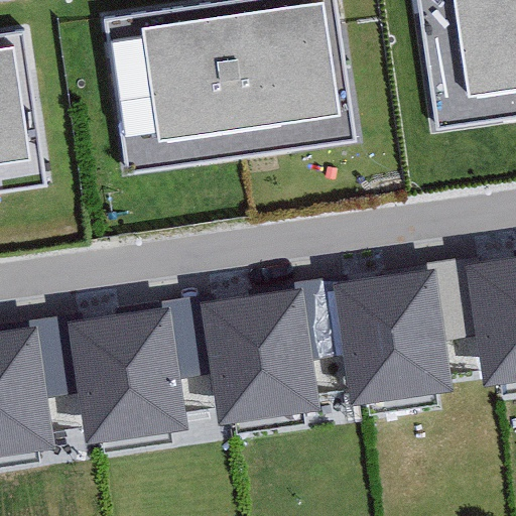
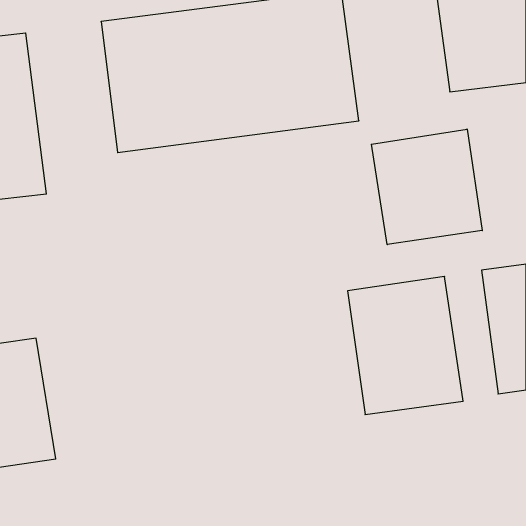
building: none -> [371,129,482,245]
building: [205,289,319,419] -> none
building: [71,308,189,446] -> none

